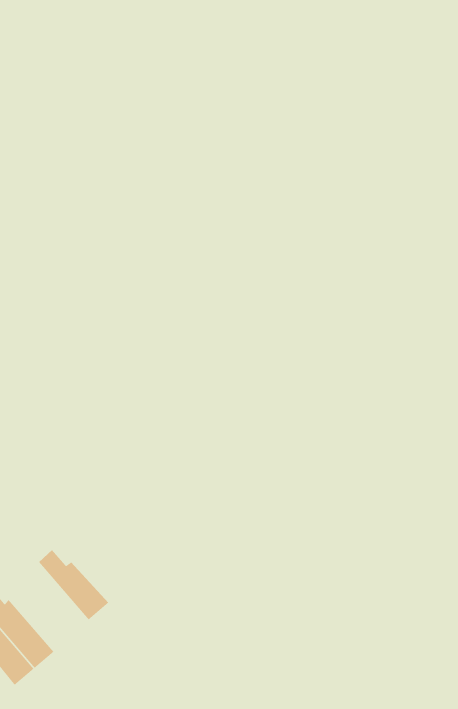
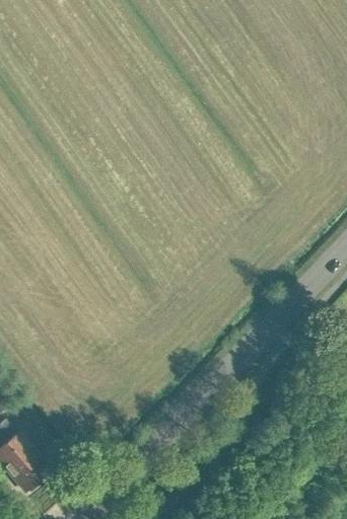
building: [38,549,109,621] -> none

